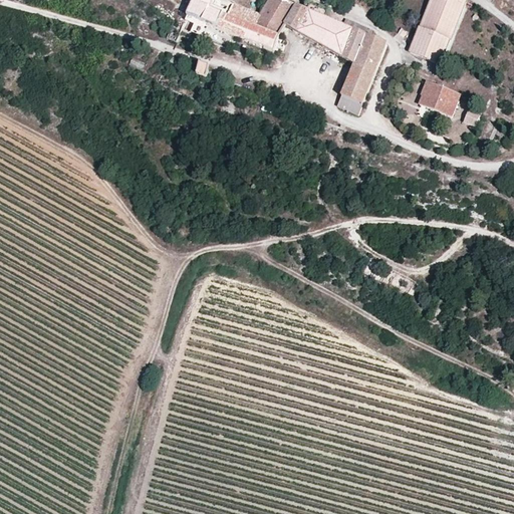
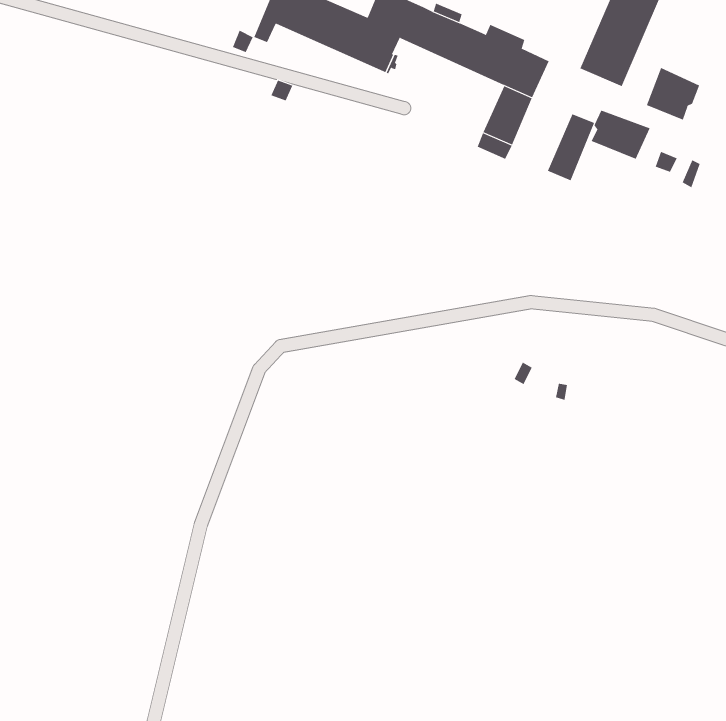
building: none -> [646,67,700,121]
building: none -> [547,114,595,181]

